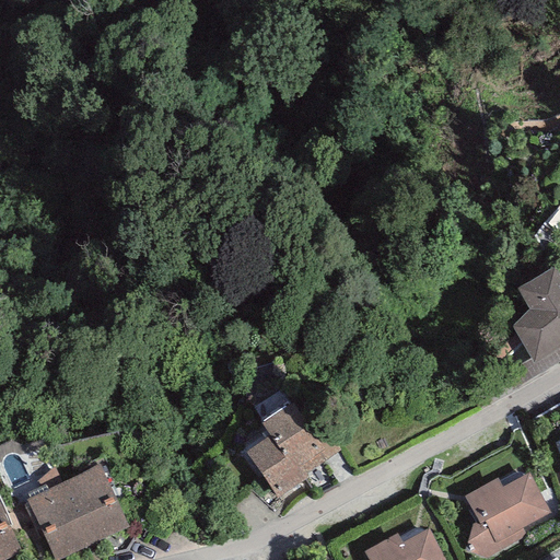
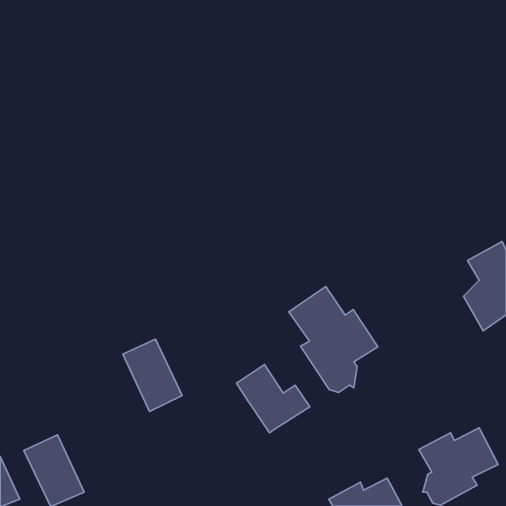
building: none -> [289,286,378,393]
building: [245,435,307,499] -> none
building: [63,464,129,544] -> [123,339,182,411]

